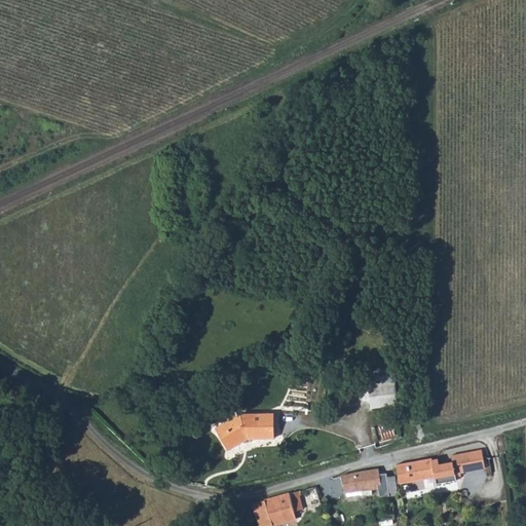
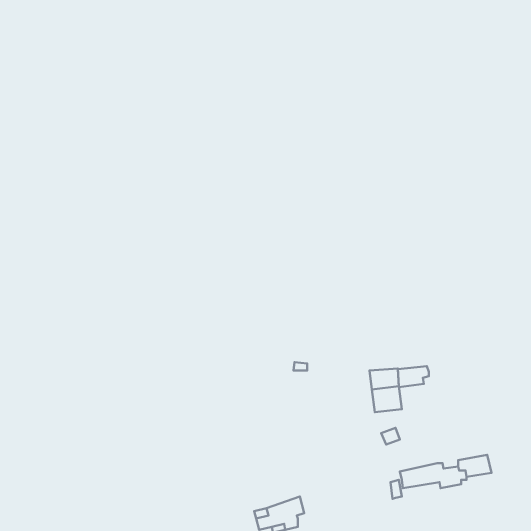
building: none -> [398,366,429,387]
building: [214,413,273,450] -> none
building: [339,469,381,498] -> none

